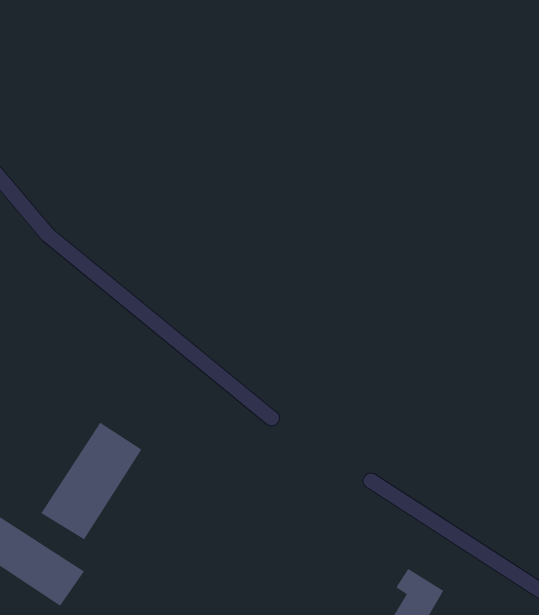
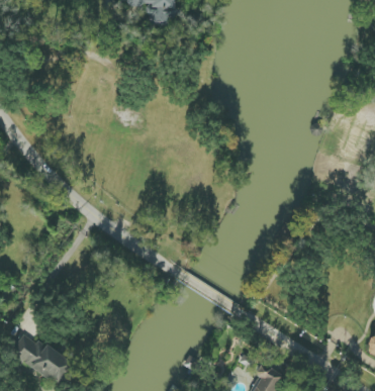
building: [40,422,142,540] -> none

